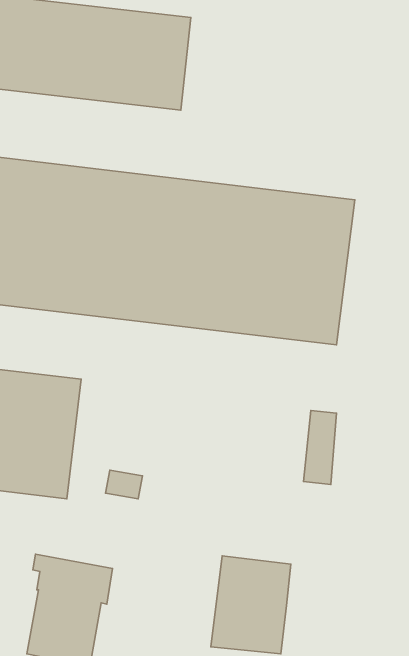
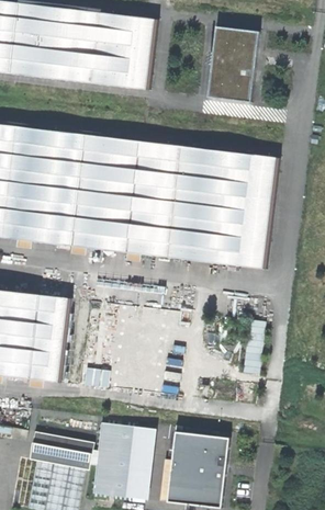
building: none -> [210,25,259,101]
building: none -> [93,422,157,499]

